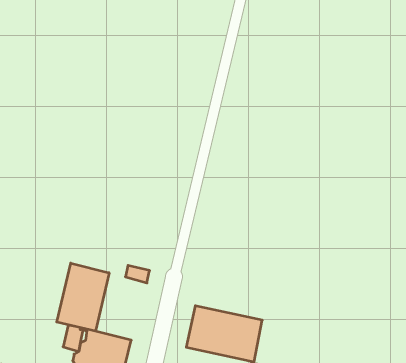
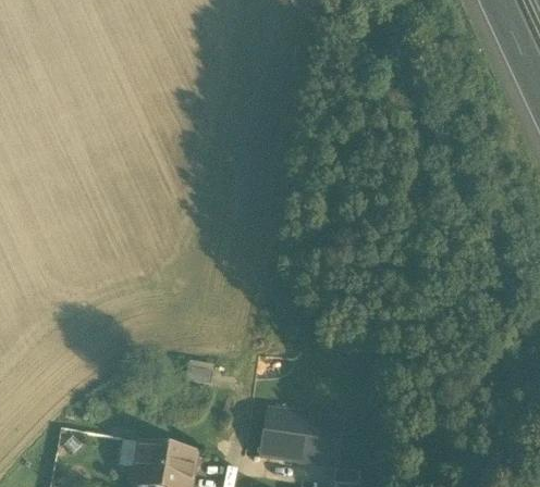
building: [57,263,109,331] -> none

